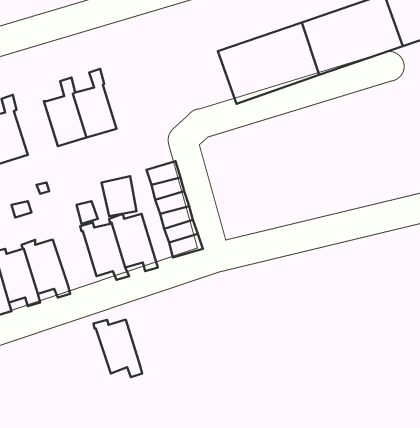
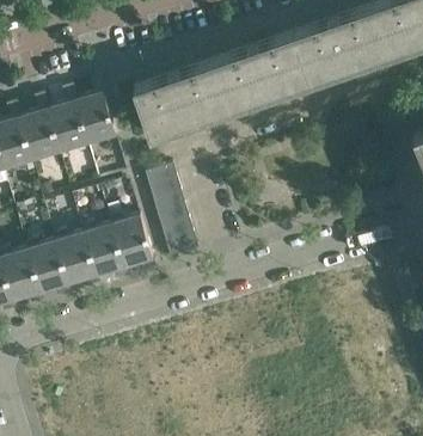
building: none -> [130,63,228,141]
building: none -> [16,97,57,162]
building: [93,320,142,377] -> [50,235,97,290]

